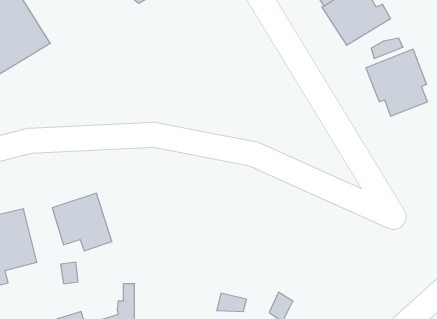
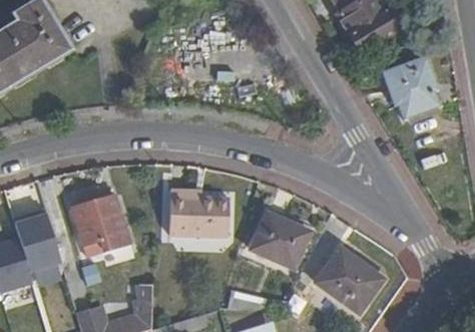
building: none -> [167,189,227,238]
building: none -> [251,213,310,269]
building: none -> [315,249,382,313]

